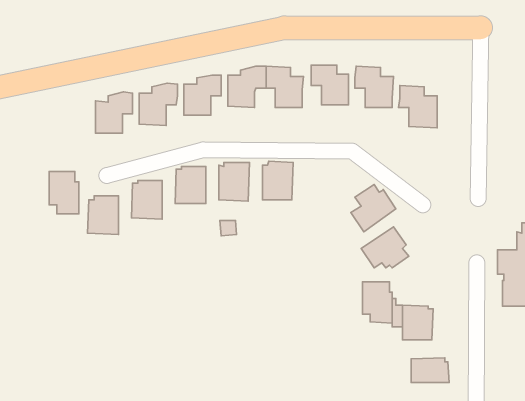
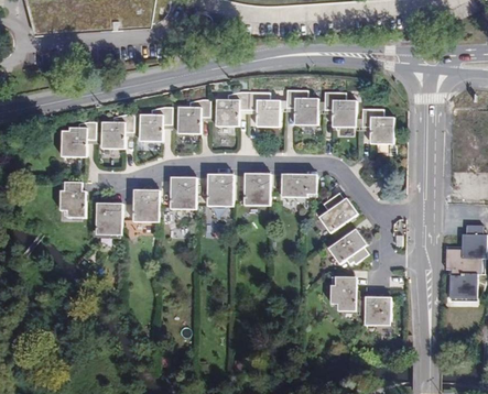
building: none -> [59,121,94,157]
building: none -> [282,174,317,197]
building: [411,358,449,382] -> none

